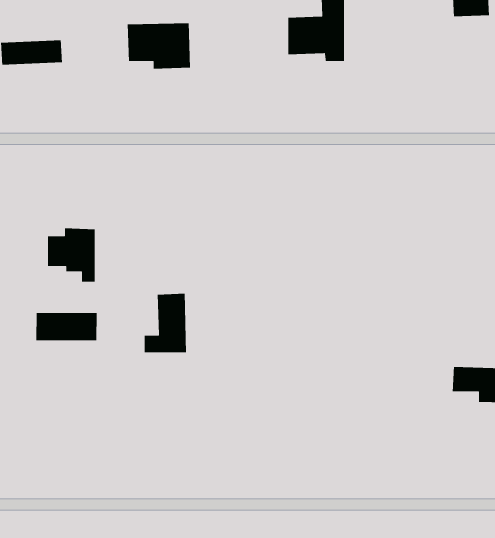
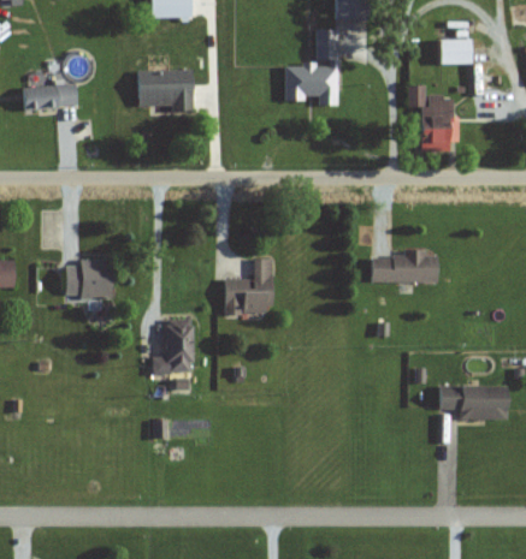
building: none -> [409,87,460,150]
building: none -> [370,250,439,283]
building: none -> [225,258,273,314]
building: [35,312,97,341] -> none

